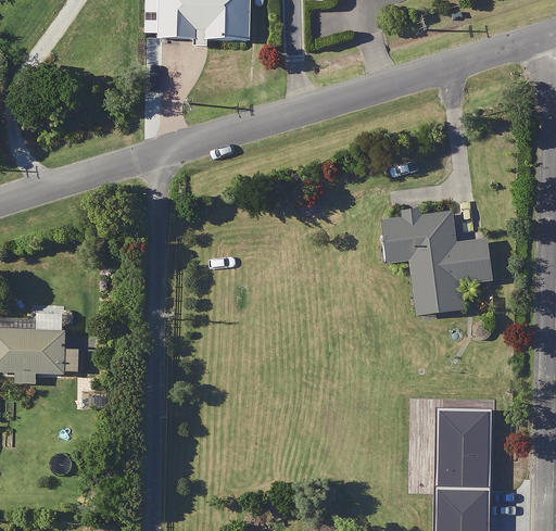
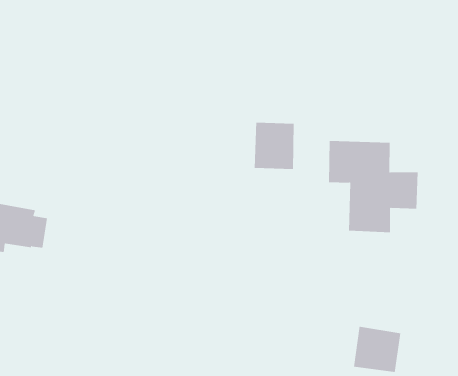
building: none -> [254,122,294,170]

